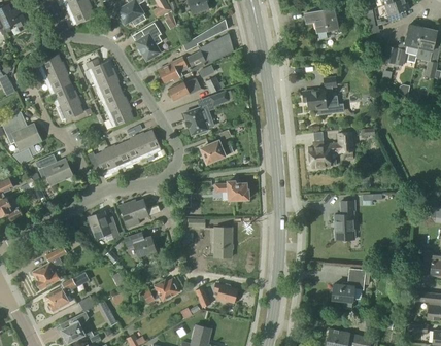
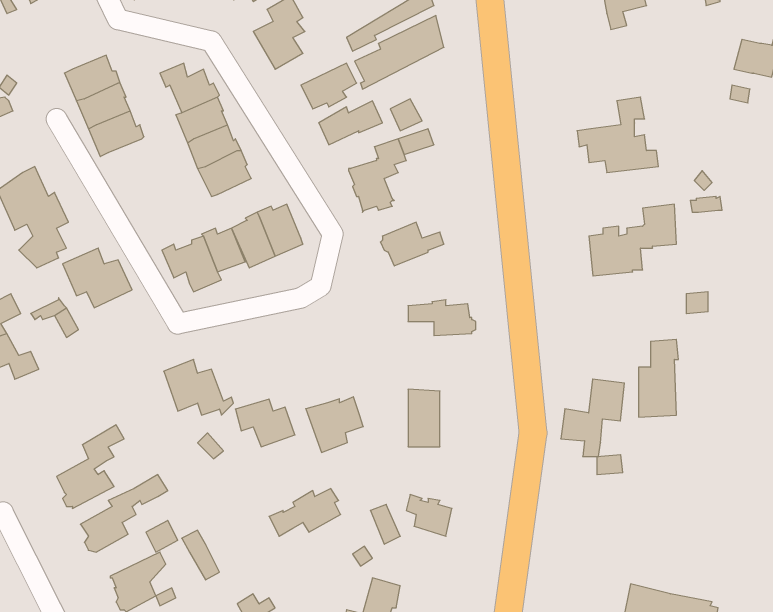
building: [56,96,83,120] -> none
building: [118,200,148,229] -> [306,397,363,452]
building: [333,268,366,308] -> [561,379,624,457]

